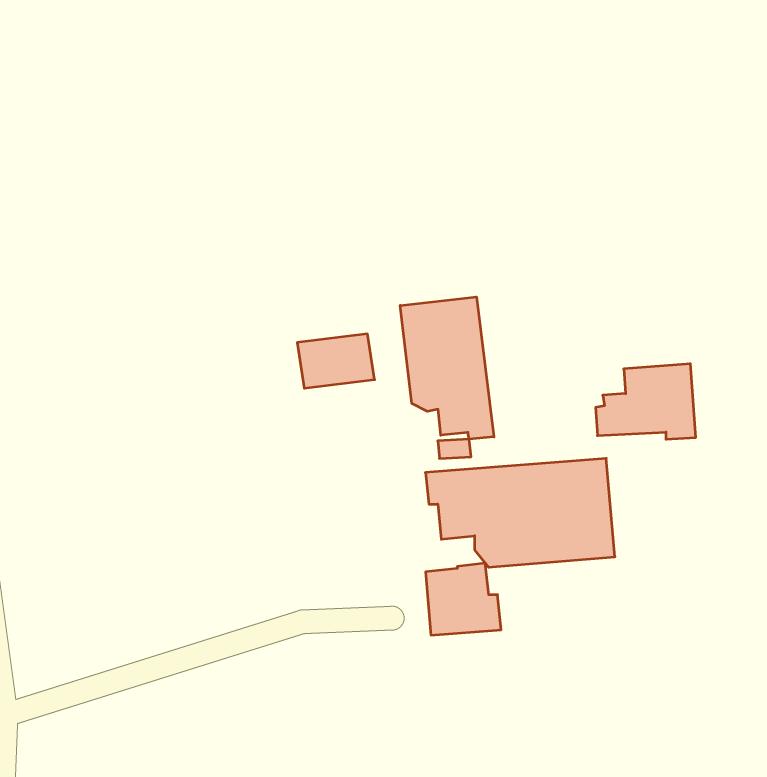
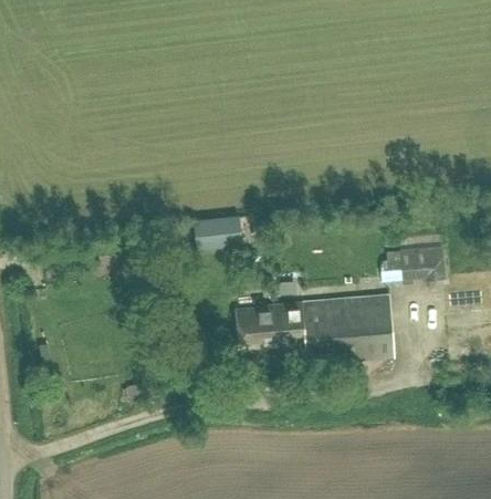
building: [400,297,494,439] -> none
building: [426,563,501,635] -> [237,303,284,349]

